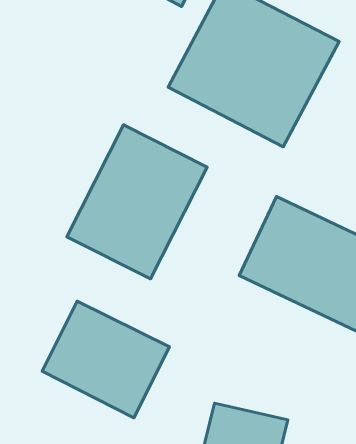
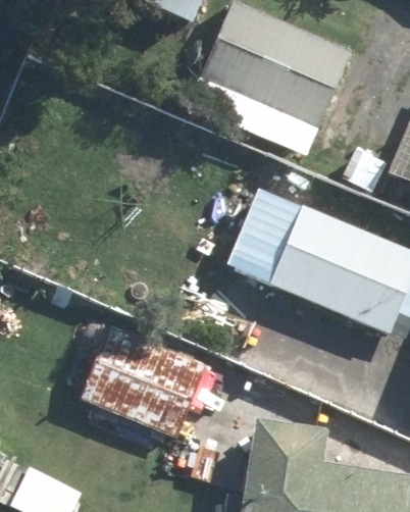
building: [67,125,207,279] -> none

